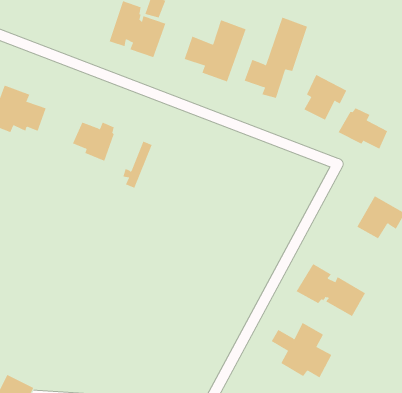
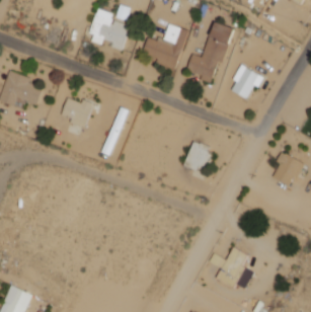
building: [338,108,388,149] -> none
building: none -> [183,144,213,173]
building: [296,263,366,317] -> none

